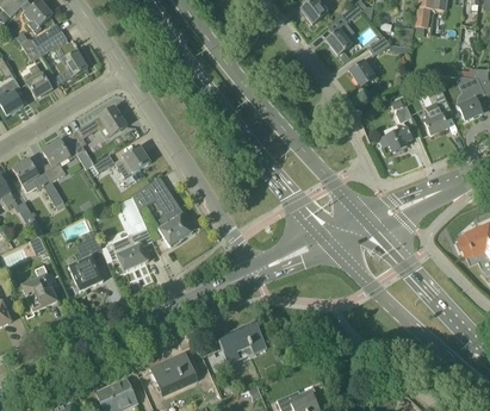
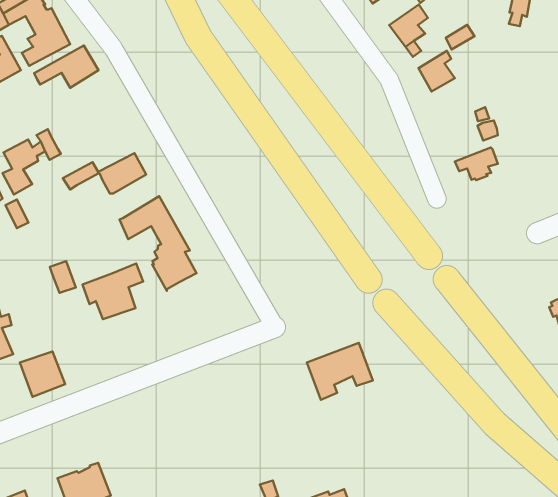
building: [424,88,451,135] -> none
building: [79,106,126,138] -> [34,45,98,88]
building: [69,256,104,291] -> [20,351,65,397]
building: [217,319,267,363] -> [307,343,373,400]
building: [150,351,196,392] -> none

